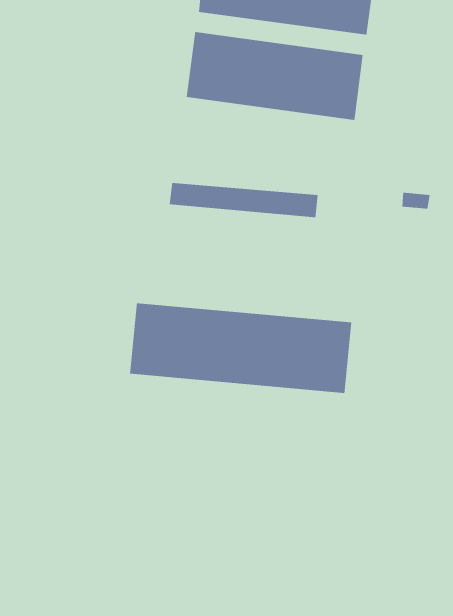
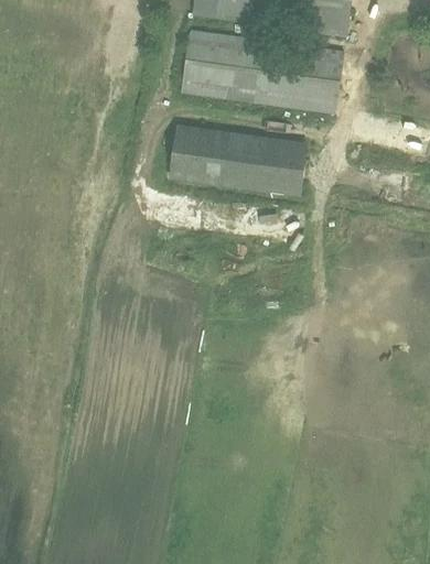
building: none -> [172,126,309,175]
building: [129,302,352,394] -> none

